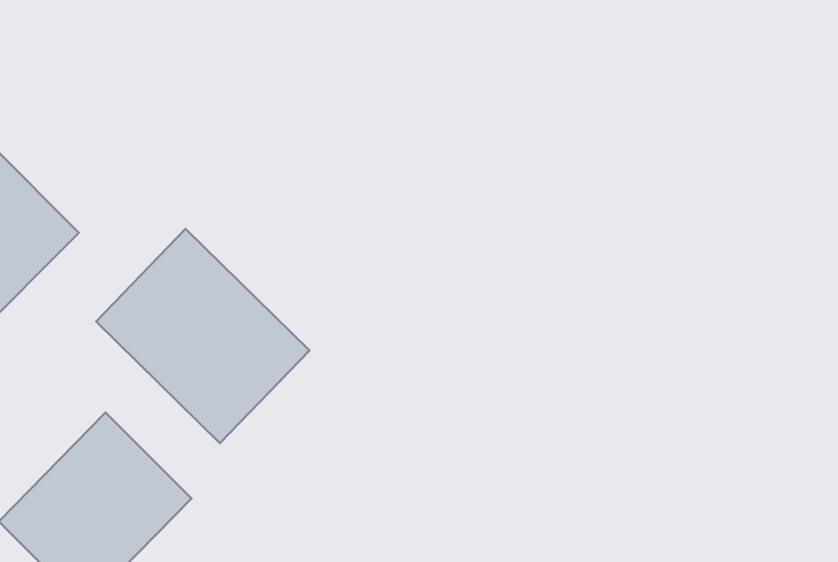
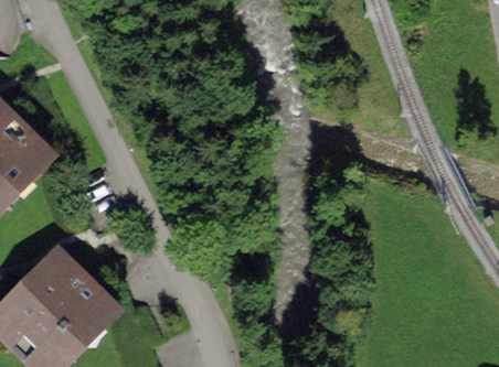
building: [96,229,309,443] -> none

